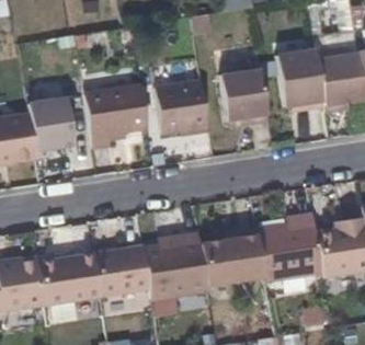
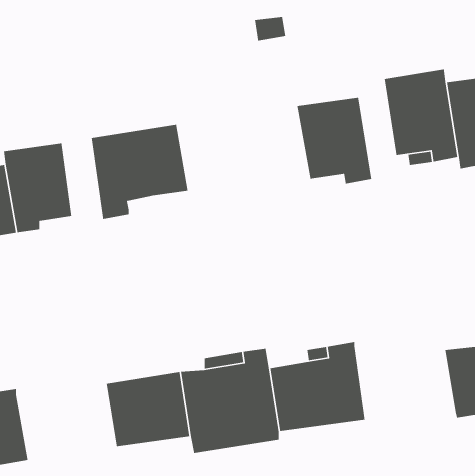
building: [156,80,210,135] -> none
building: [259,215,323,283] -> none
building: [38,254,103,304] -> none

